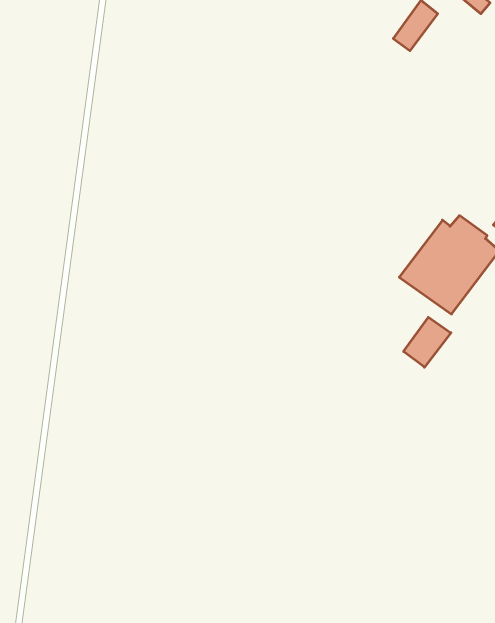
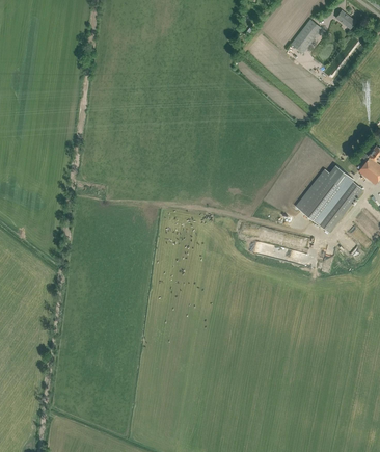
building: [404,317,451,367] -> none

